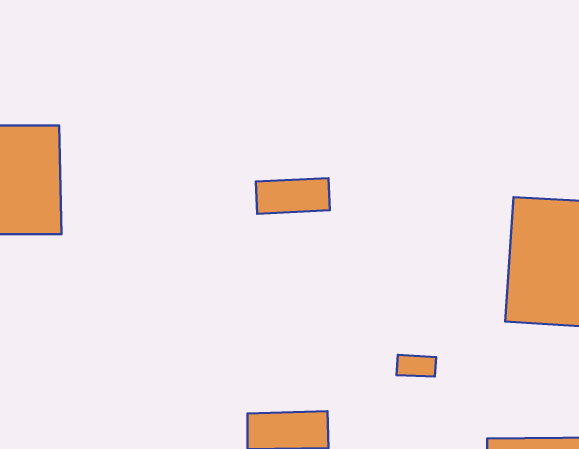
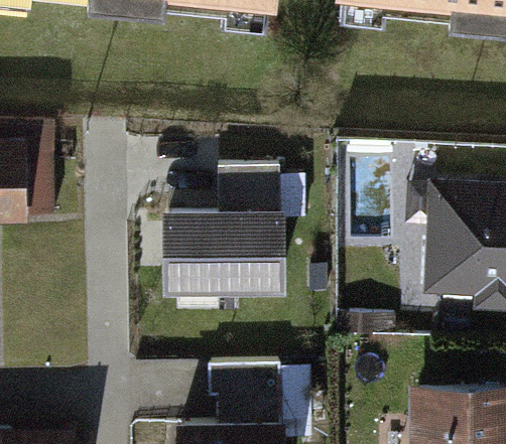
building: none -> [171,216,279,290]

